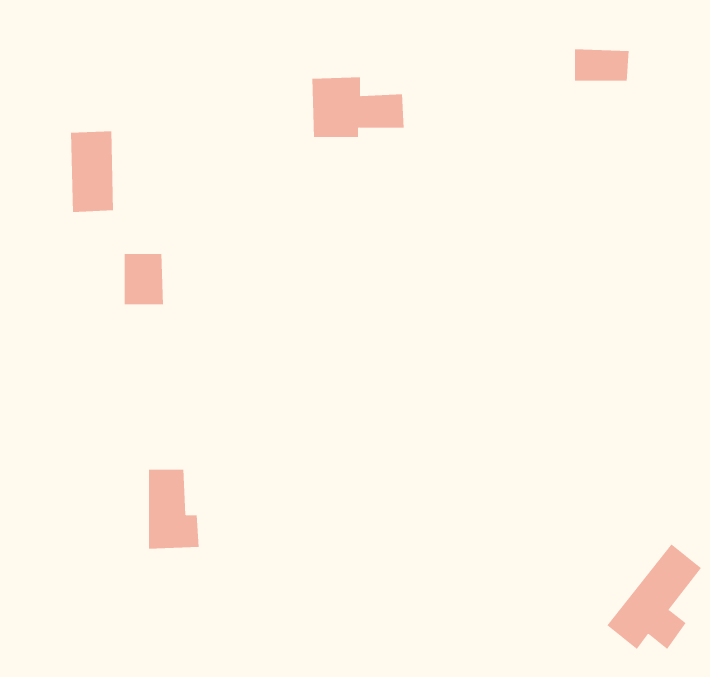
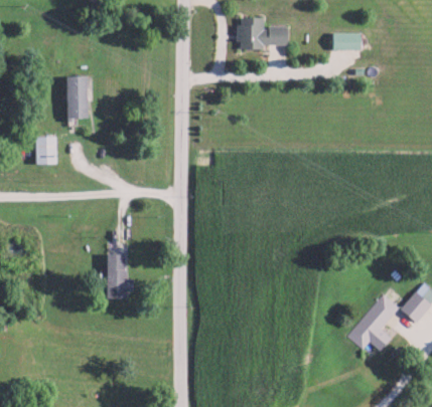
building: [311,77,405,138] -> [239,17,288,49]
building: [124,253,164,305] -> [35,137,56,164]

